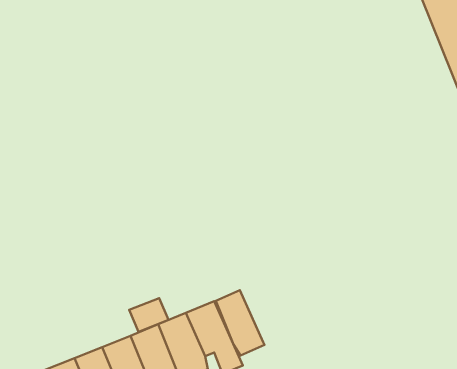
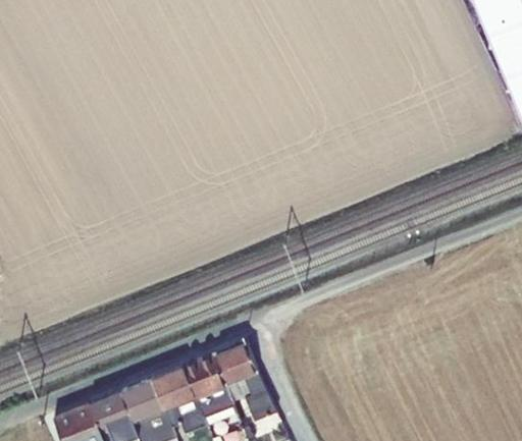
building: [216,290,265,355] -> none
building: [129,298,168,332] -> none

